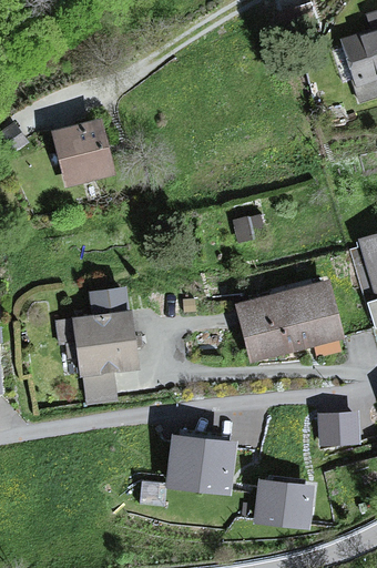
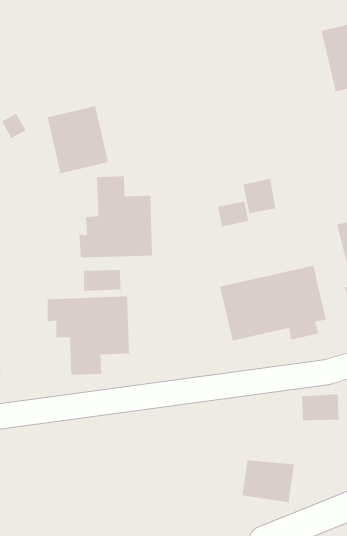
building: none -> [79,176,153,258]
building: none -> [242,178,276,214]
building: [169,438,235,495] -> none

